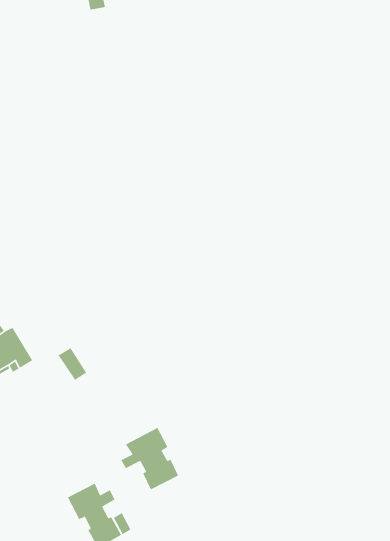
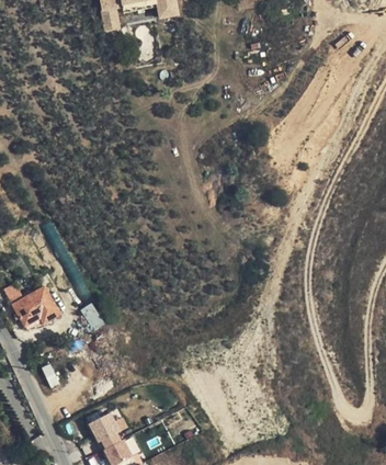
building: [120,427,179,491] -> none

